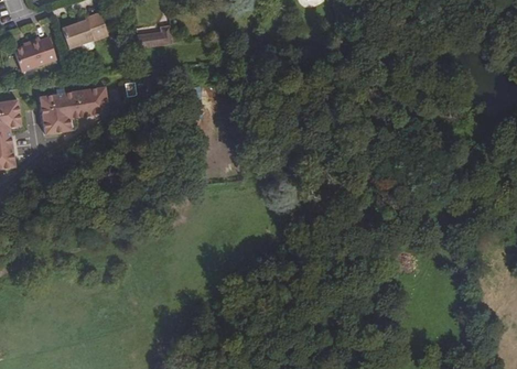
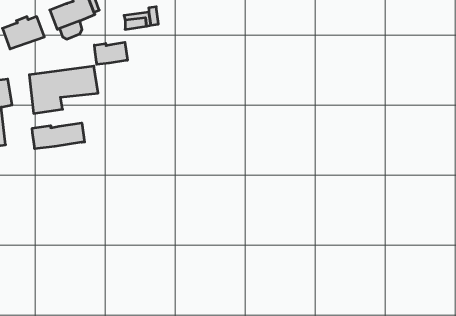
building: none -> [94,42,127,64]
building: none -> [32,123,85,149]

